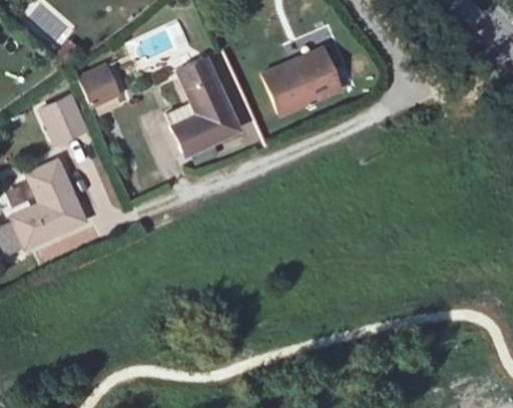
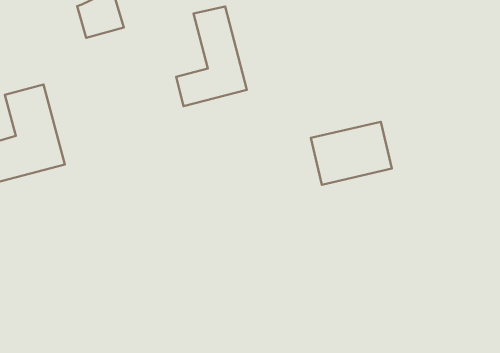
building: [265,49,342,114] -> [311,122,392,185]
building: [40,95,80,136] -> none

